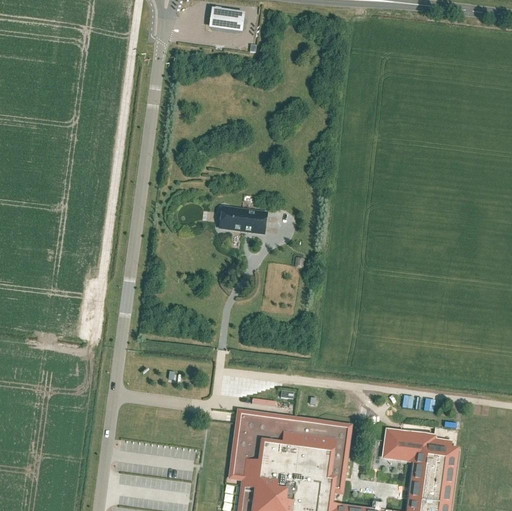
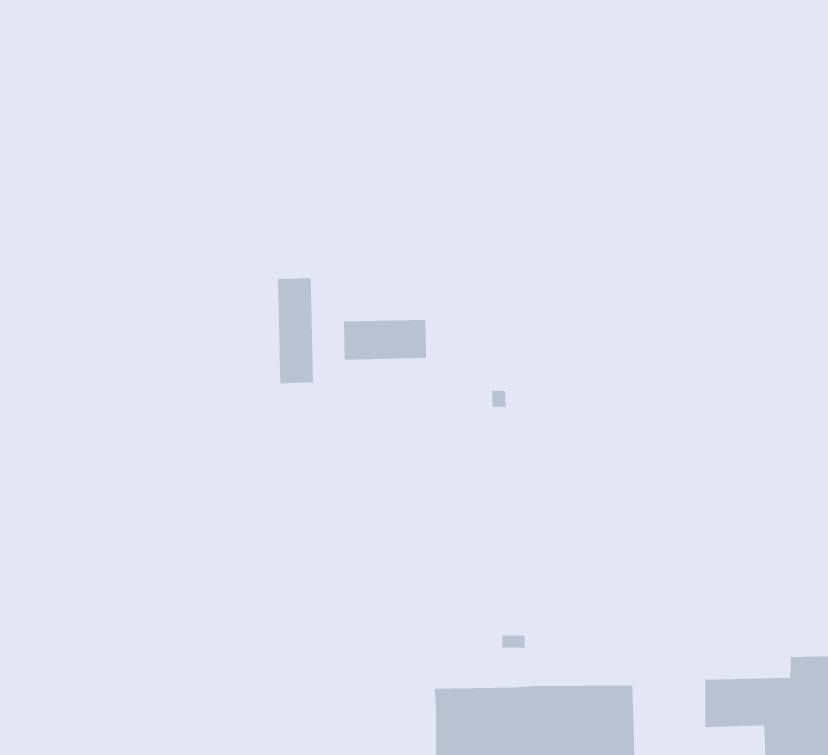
building: none -> [278,277,314,384]

